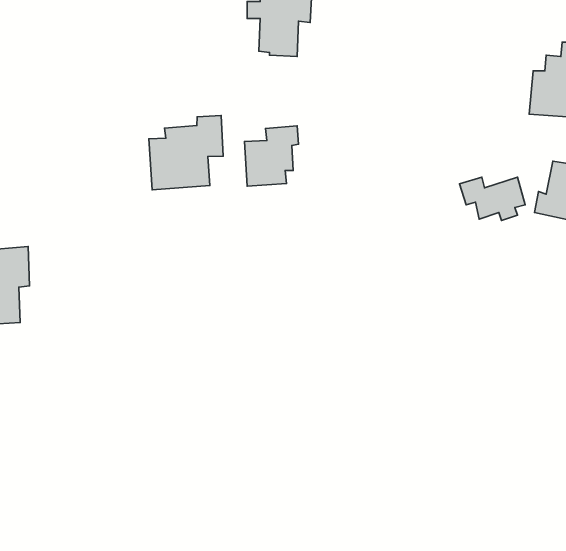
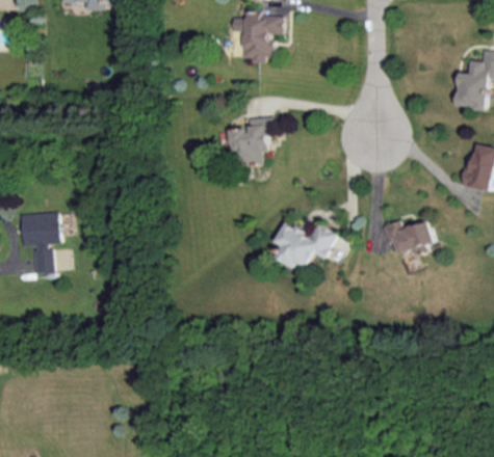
building: [149,115,223,190] -> none
building: [460,177,525,221] -> [382,221,434,256]
building: none -> [275,221,337,268]

